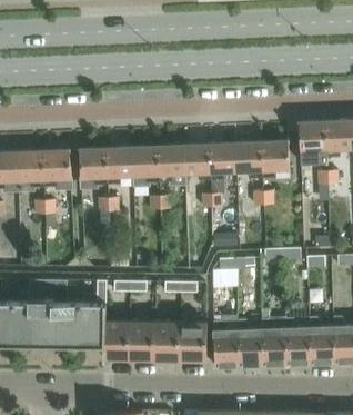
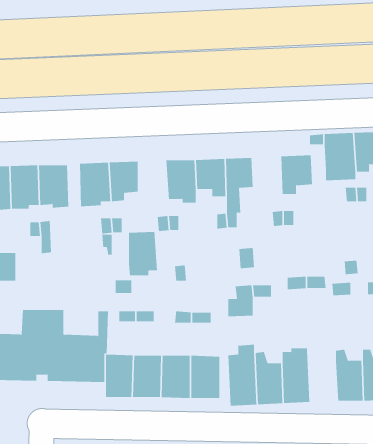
building: [234,141,261,177] -> none
building: [132,145,159,185] -> [128,231,158,276]
building: [284,316,311,363] -> none

